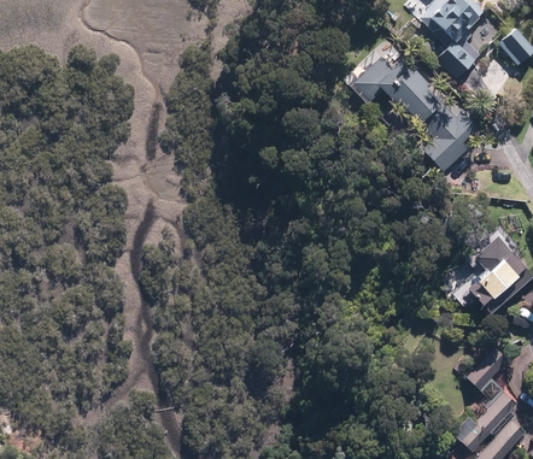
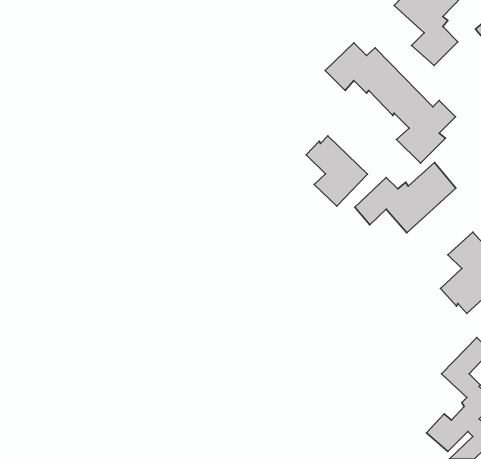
building: none -> [306,136,368,206]
building: none -> [355,162,456,233]

